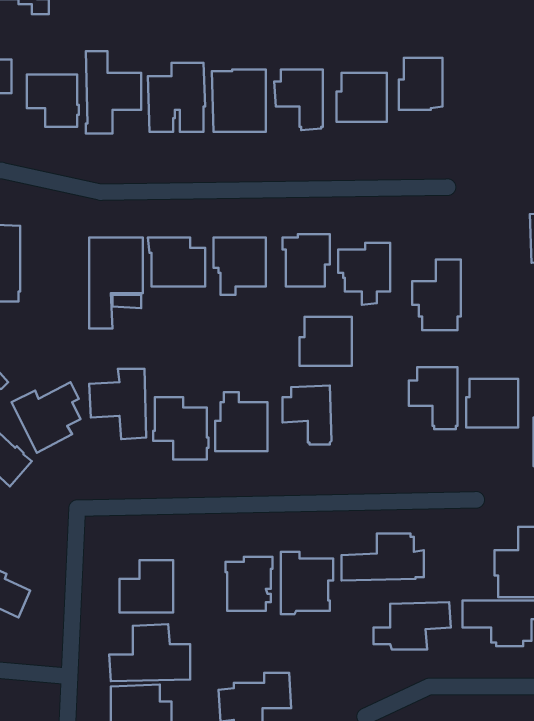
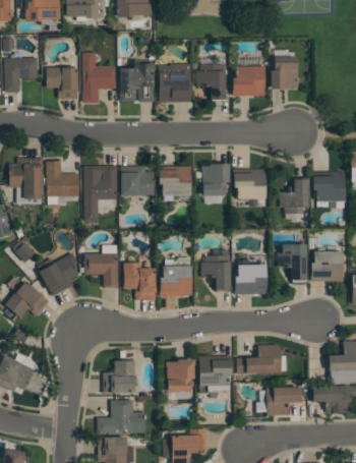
building: none -> [46,161,79,206]
building: none -> [313,171,346,209]
building: [300,317,352,366] -> [236,265,268,294]

